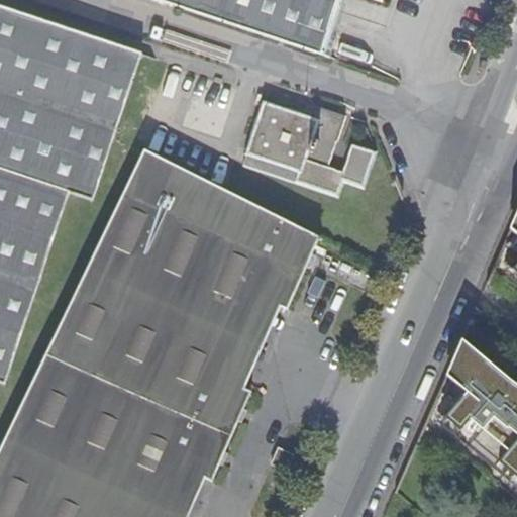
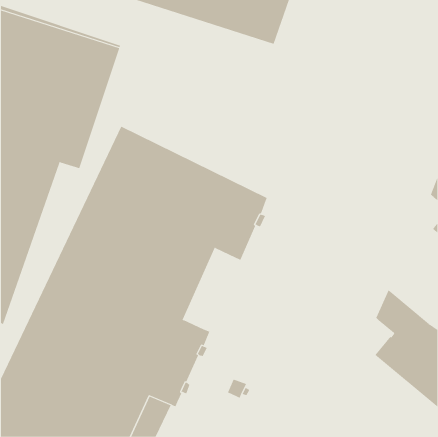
building: [238,98,376,197] -> none
building: [216,293,277,388] -> none

